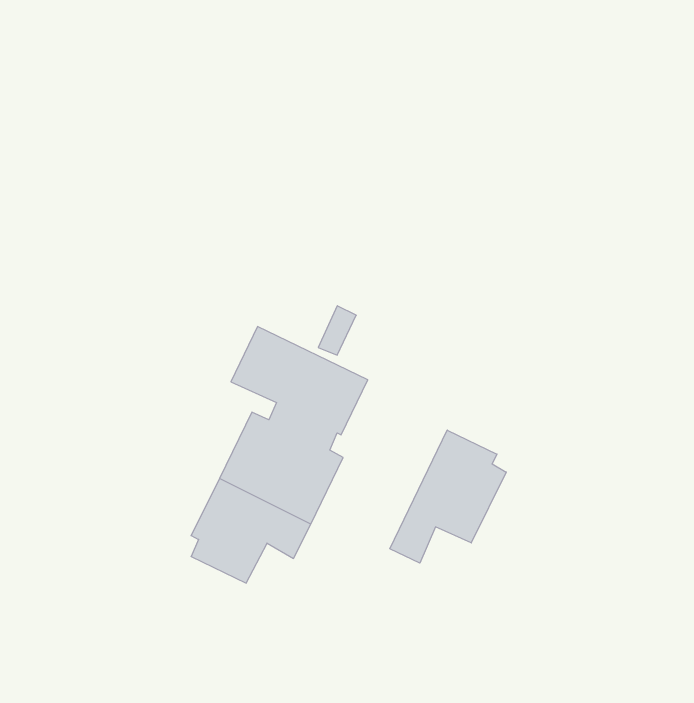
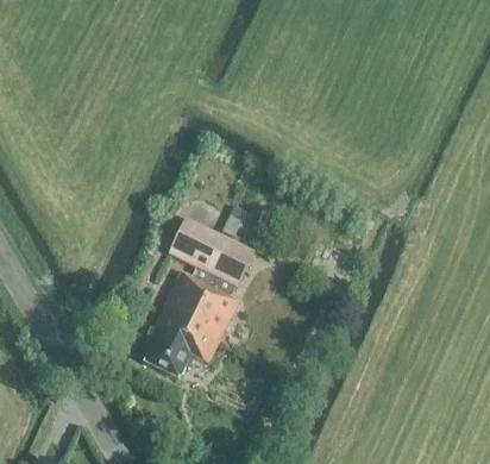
building: [390,430,506,563] -> none

